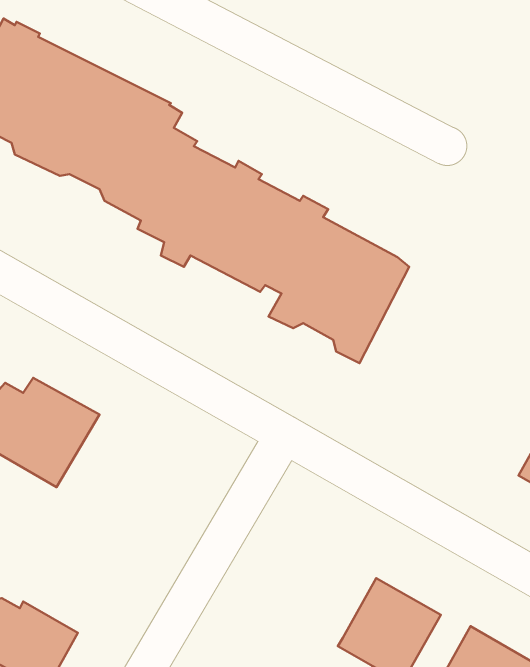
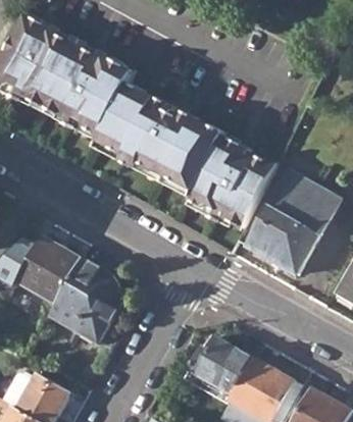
building: none -> [247,169,339,274]
building: none -> [49,259,120,344]
building: none -> [187,339,253,397]

